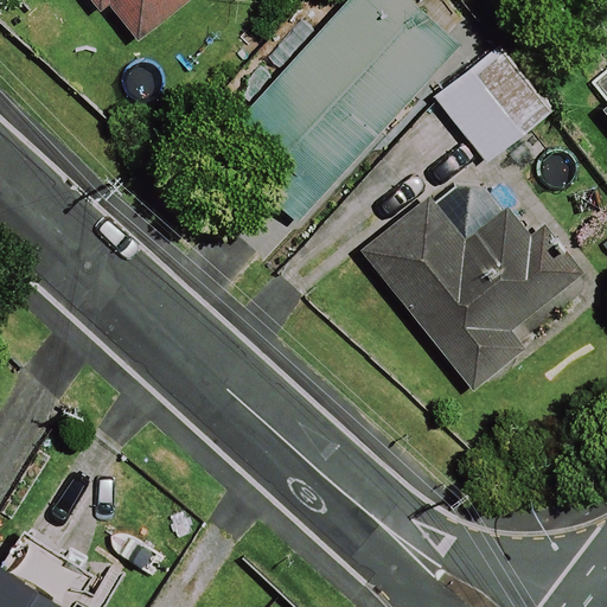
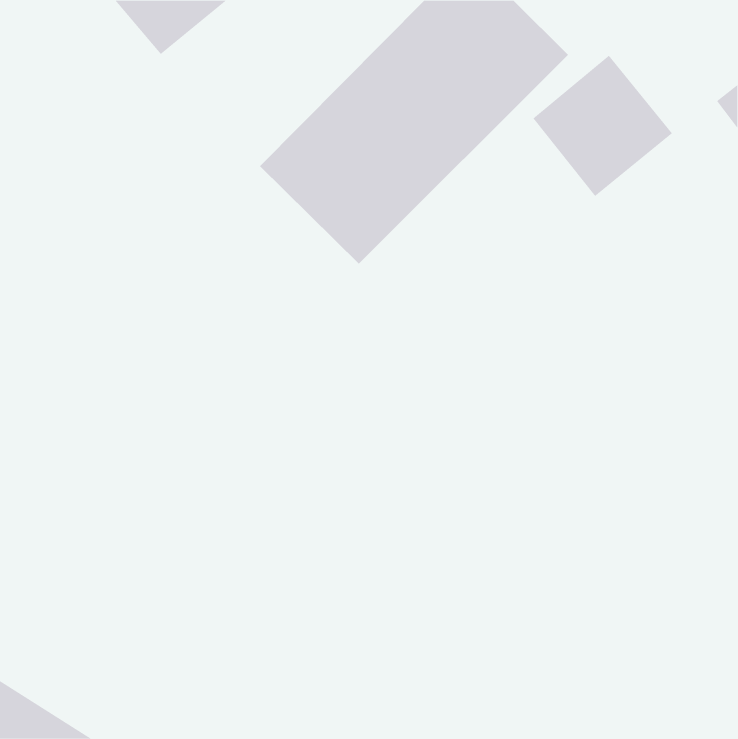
building: [360,196,583,390] -> none

